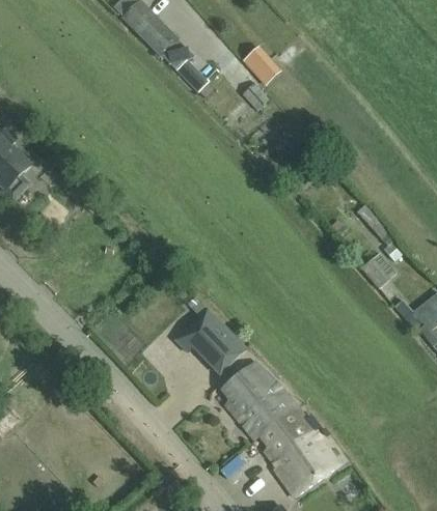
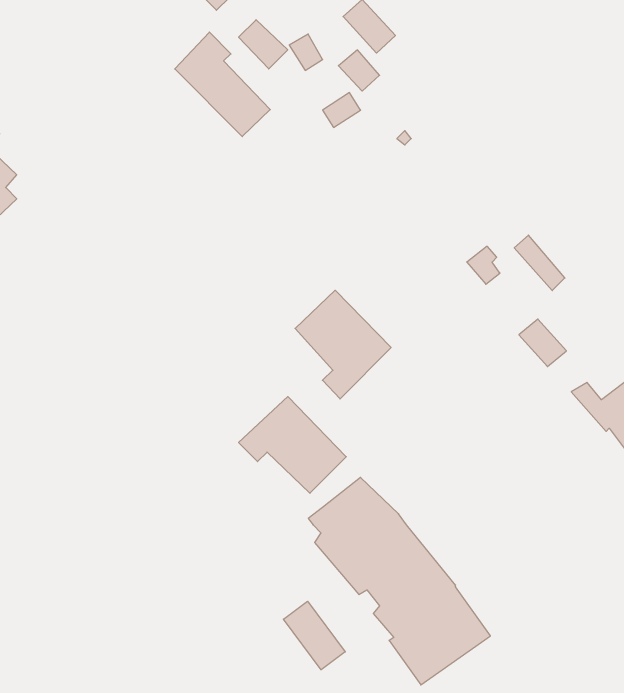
building: none -> [175,32,270,137]
building: none -> [295,290,391,399]
building: none -> [283,601,345,670]

